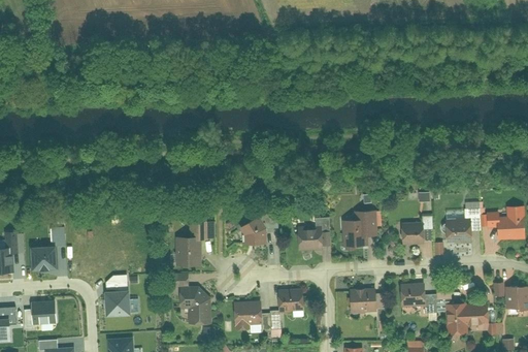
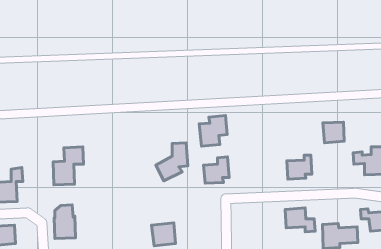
building: [339,209,374,247] -> [199,116,227,146]
building: [173,218,211,265] -> [53,147,84,185]
building: [442,218,469,244] -> [323,122,344,143]
building: [178,285,207,324] -> none
building: [275,287,299,313] -> none
building: [346,287,374,311] -> none

